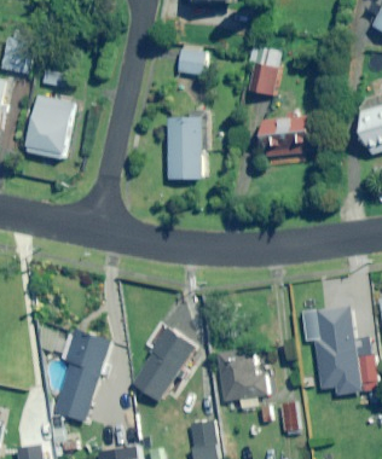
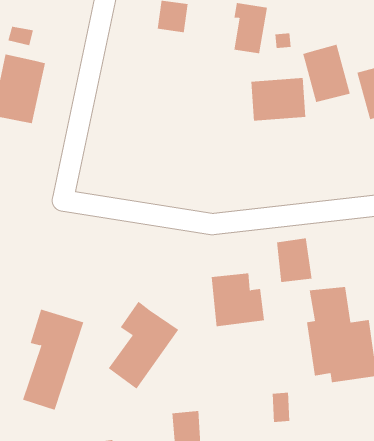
building: none -> [302,44,350,103]
building: [168,118,202,179] -> none
building: none -> [276,237,312,283]
building: [219,351,268,401] -> [211,273,265,327]

